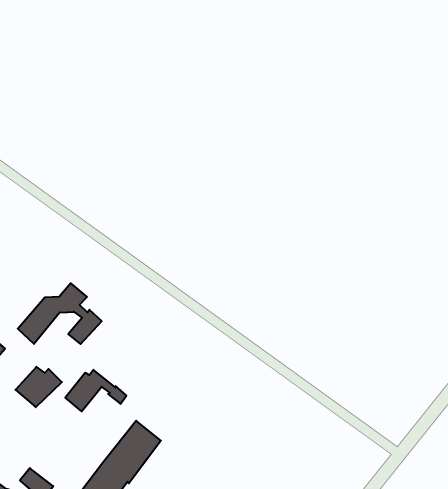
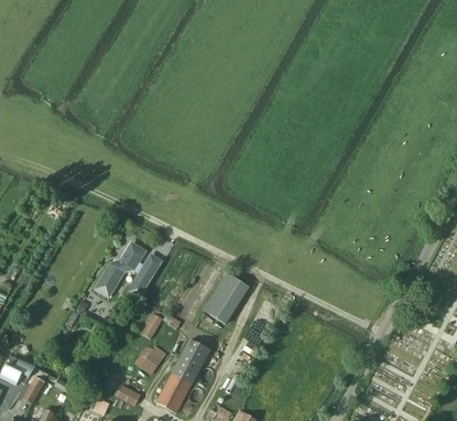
building: none -> [204,272,249,323]
building: [15,367,62,407] -> [135,345,167,374]

